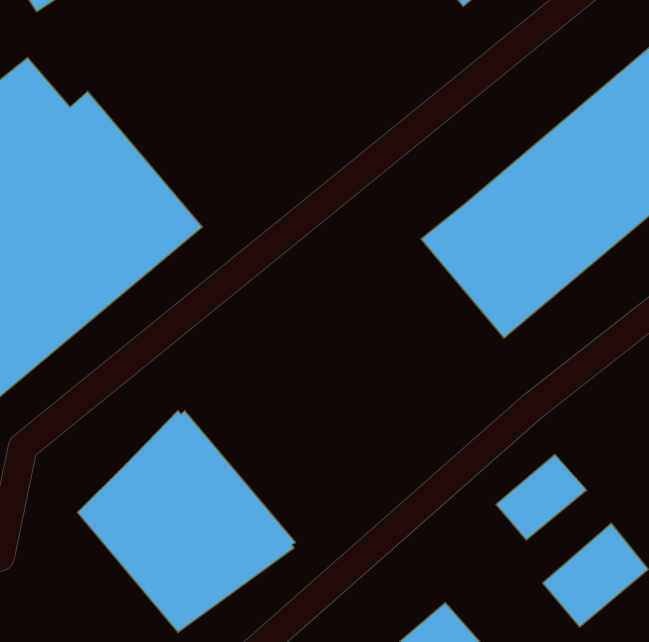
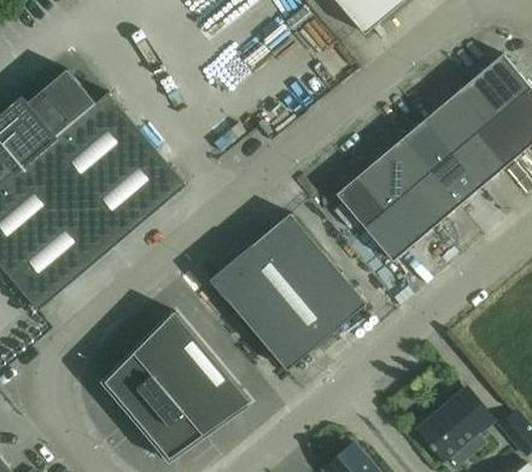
building: none -> [210,212,366,369]
building: [496,454,587,540] -> none

